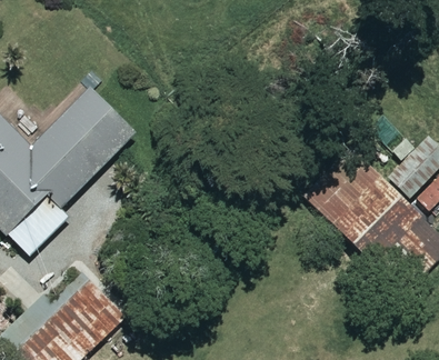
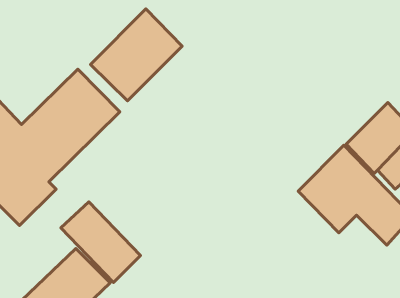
building: none -> [90,9,182,101]
building: none -> [61,202,141,282]

